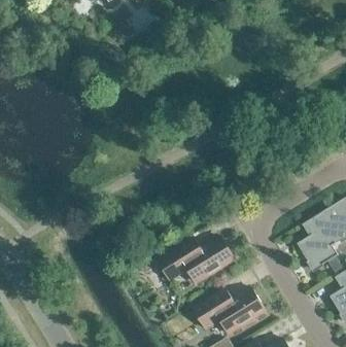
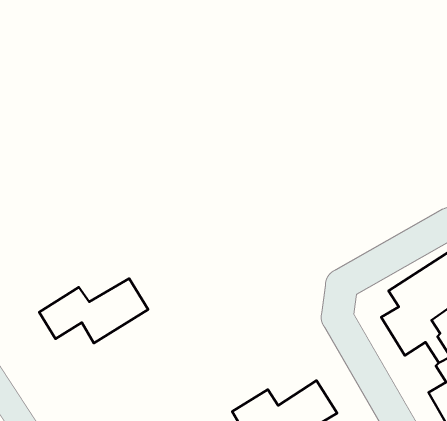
building: [158,238,234,283] -> [39,278,148,343]

